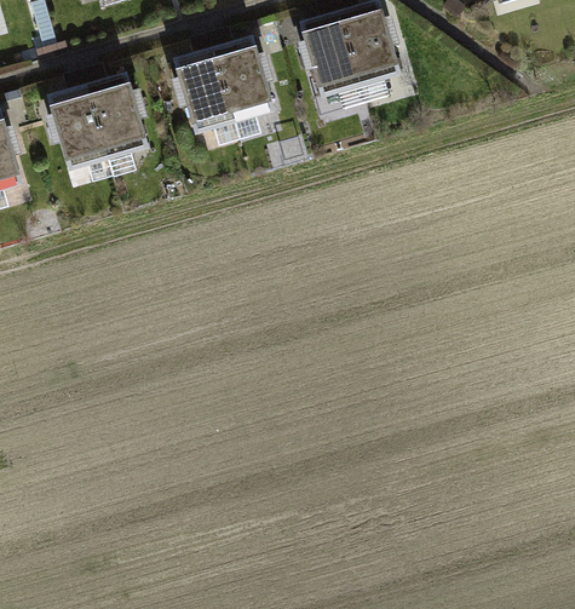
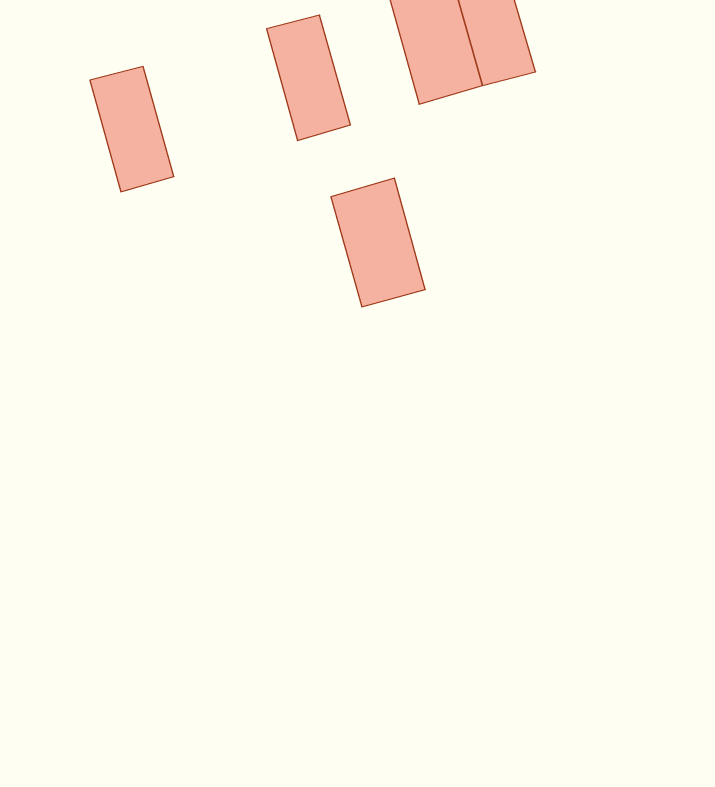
building: [171,50,237,140] -> [331,178,425,307]
building: [46,86,113,177] -> none

